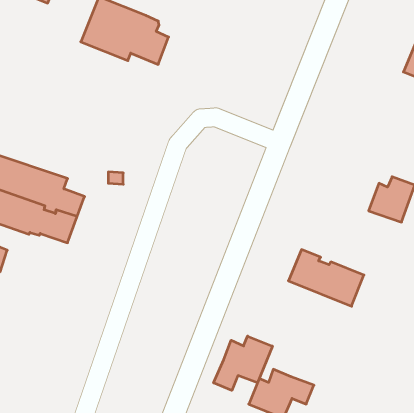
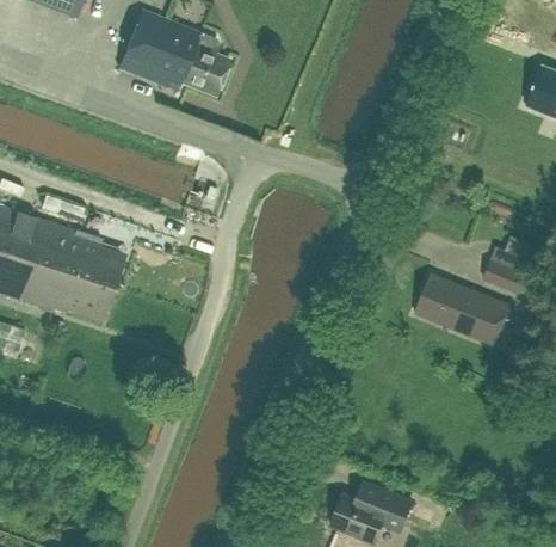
building: [288,250,364,306] -> [414,272,509,344]
building: [214,336,272,390] -> none

